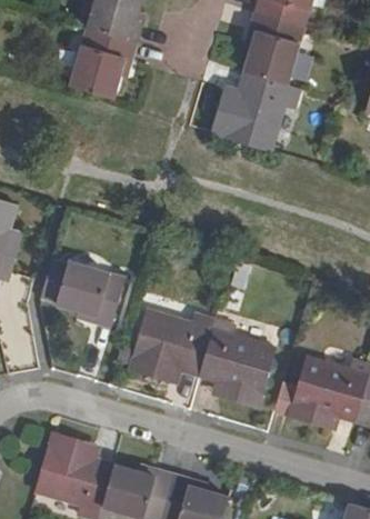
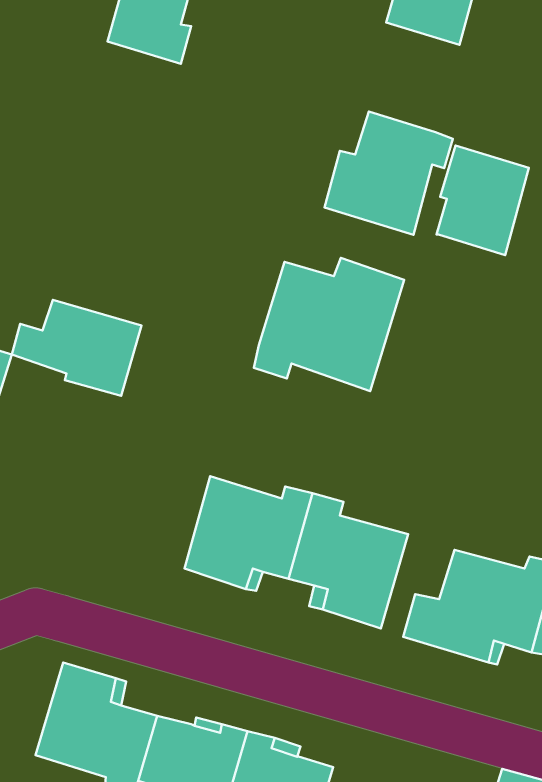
building: [252,16,312,87] -> [437,146,529,255]
building: [67,28,131,97] -> none
building: none -> [254,258,404,391]
building: [42,260,127,322] -> [12,300,142,396]

